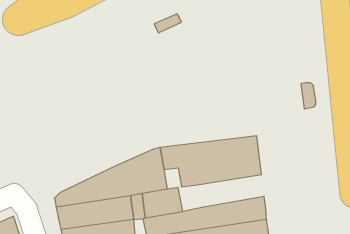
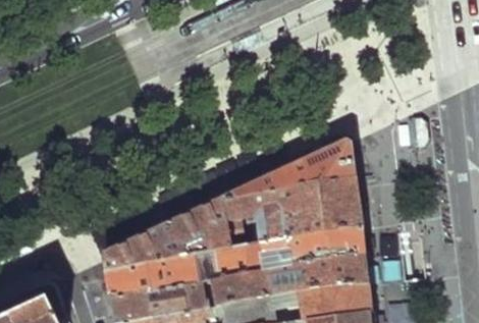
building: none -> [223,144,352,199]
building: none -> [280,230,361,271]

